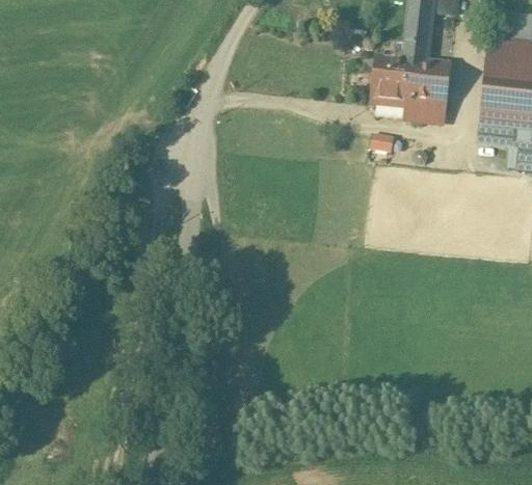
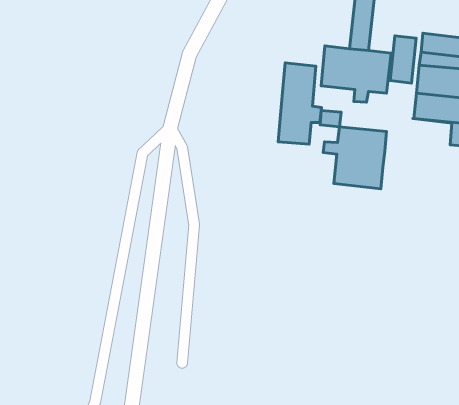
building: none -> [390,36,416,83]
building: none -> [278,63,322,144]
building: none -> [323,127,387,189]

